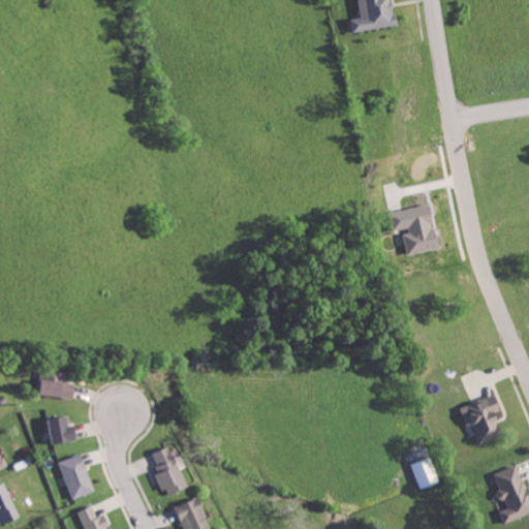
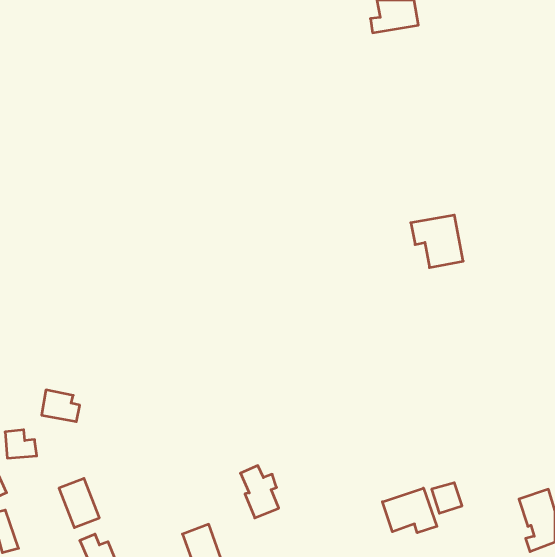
building: [458,394,503,444] -> none
building: [50,416,80,443] -> [5,430,37,458]
building: [150,446,186,496] -> [240,466,279,518]
building: none -> [382,488,437,533]

